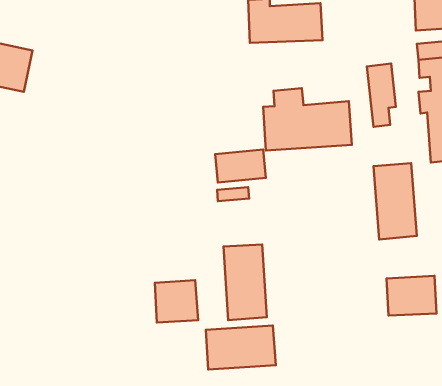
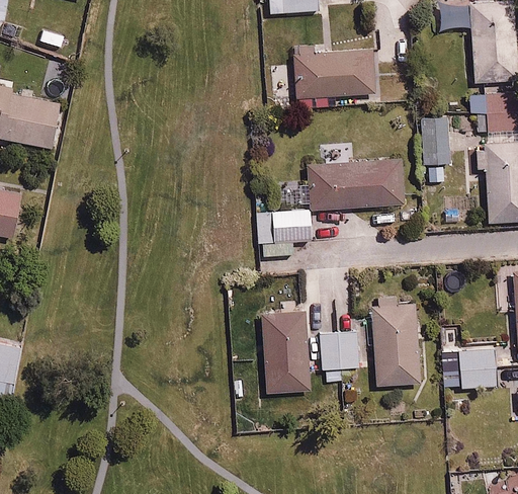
building: [373,163,417,240] -> [373,306,420,388]
building: none -> [319,331,362,371]
building: [155,280,198,323] -> none
building: [206,326,276,370] -> none

